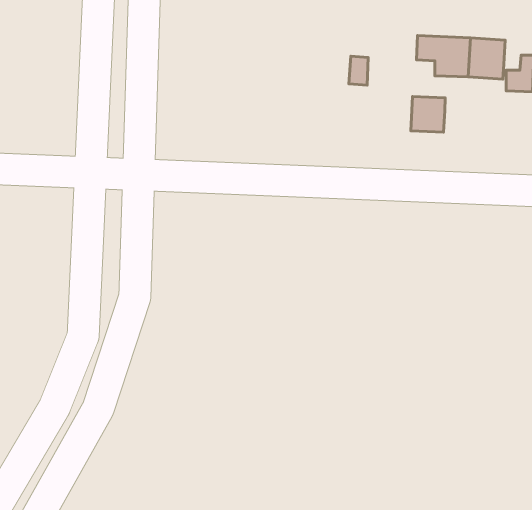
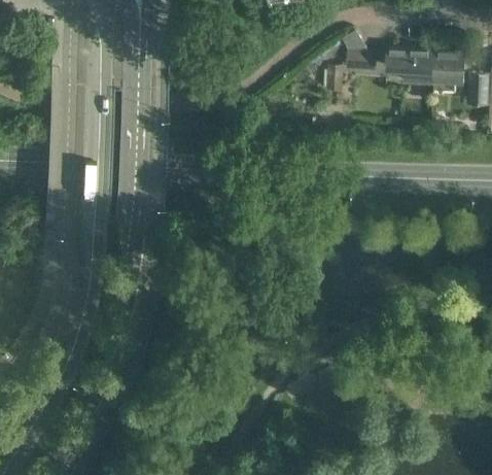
building: none -> [344,53,375,73]
building: [411,96,445,132] -> none

